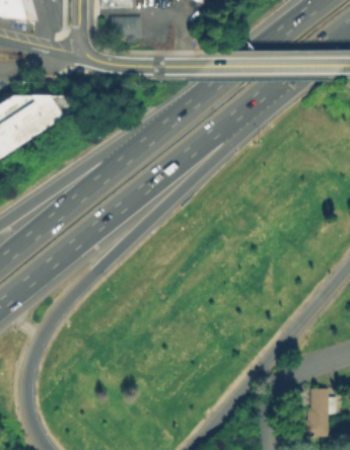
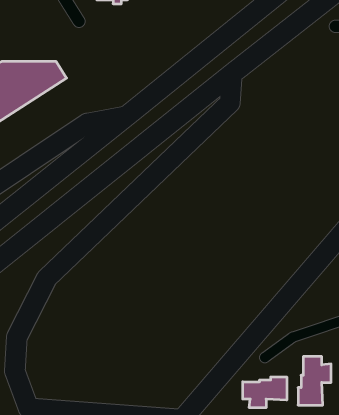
building: none -> [243,377,287,408]

